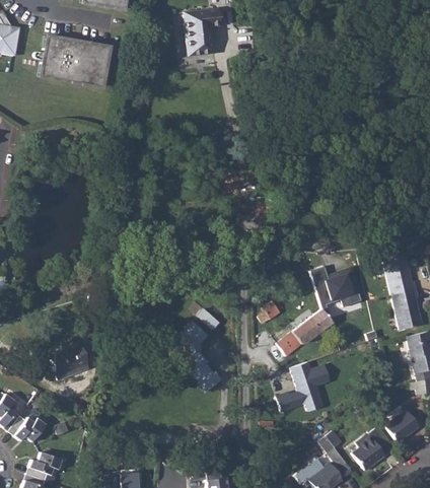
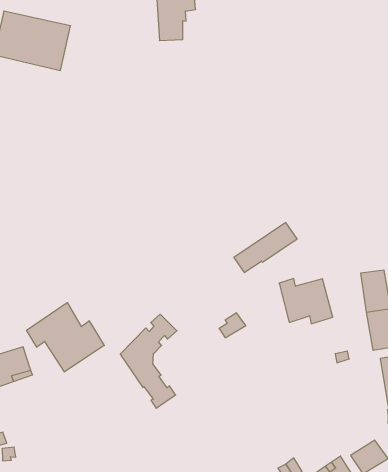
building: none -> [27,303,104,372]
building: [276,307,333,355] -> [234,223,297,272]
building: [277,363,329,411] -> none

